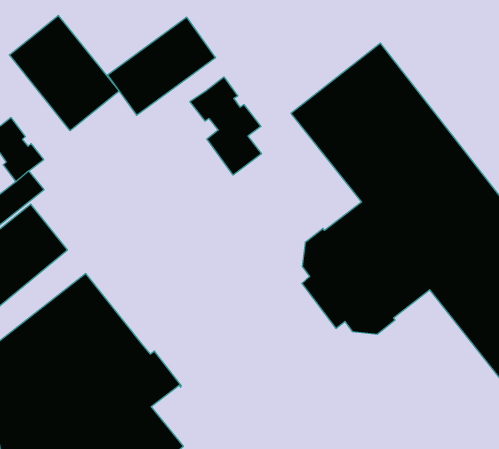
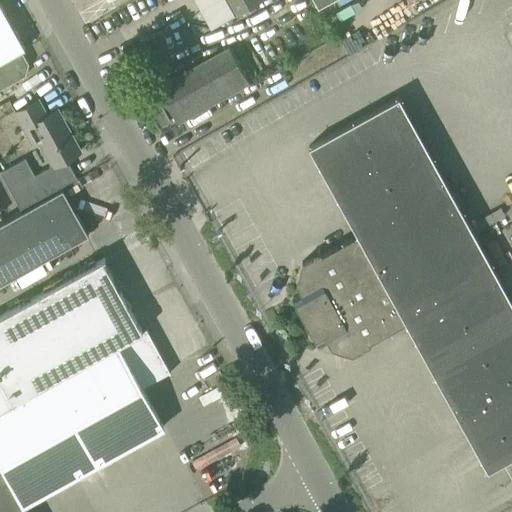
building: [9,15,119,131] -> none
building: [190,77,261,175] -> none

